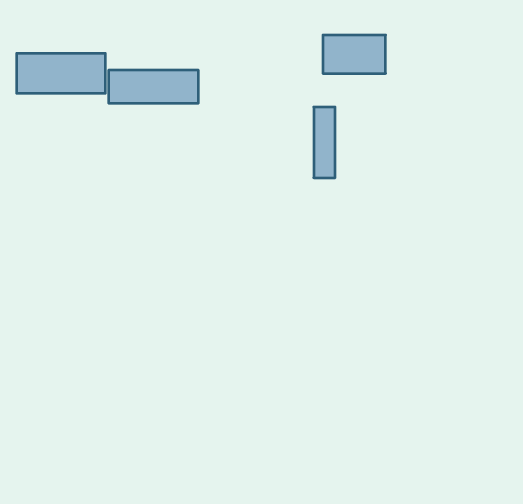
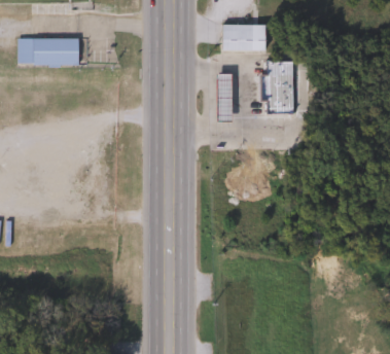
building: [109,70,198,103] -> none
building: none -> [264,72,293,115]

